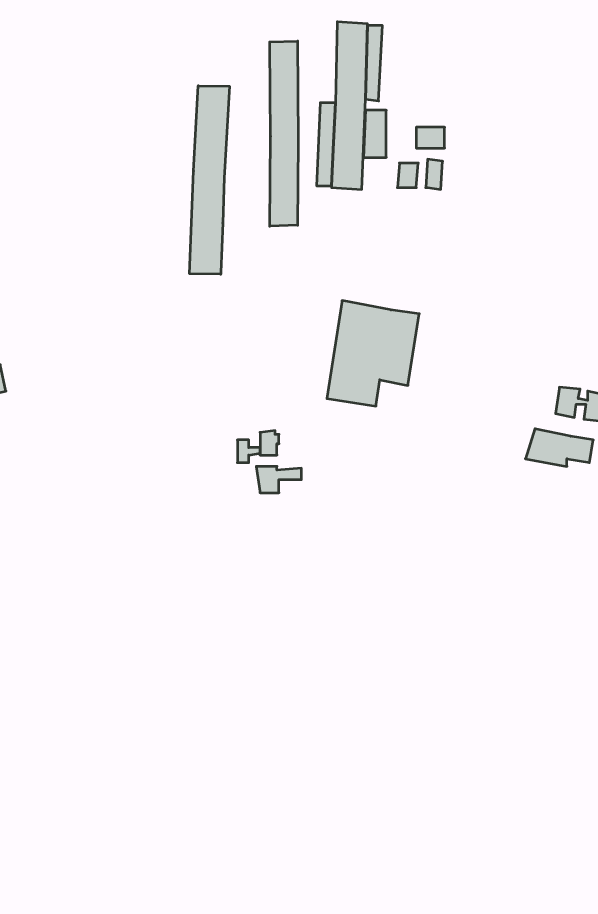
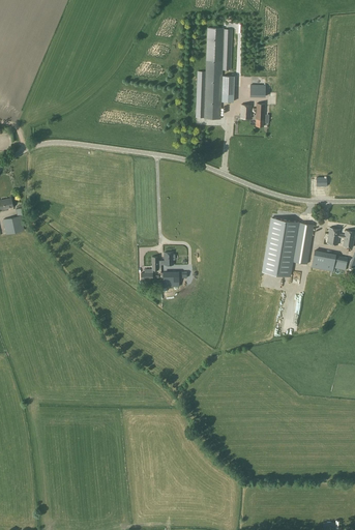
building: [270,41,298,226] -> none
building: [190,86,229,274] -> none
building: [327,301,419,406] -> [263,217,314,275]

